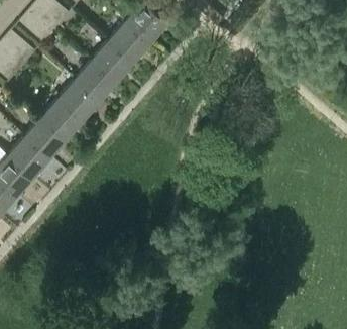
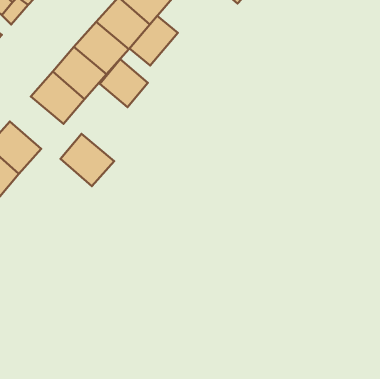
building: none -> [130,16,178,66]
building: none -> [100,59,148,107]
building: [41,100,83,140] -> [61,134,114,186]

